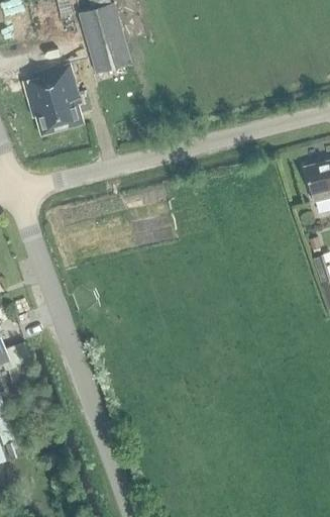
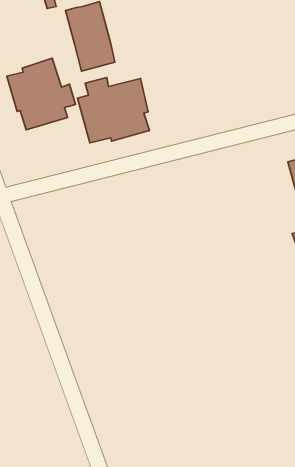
building: none -> [78,77,149,143]

